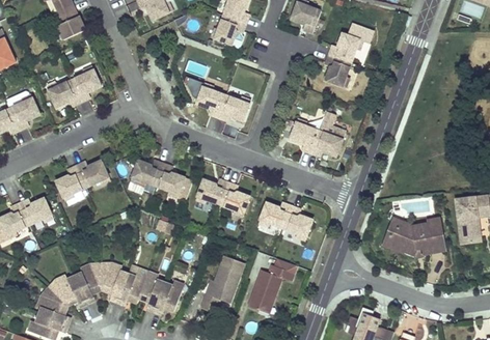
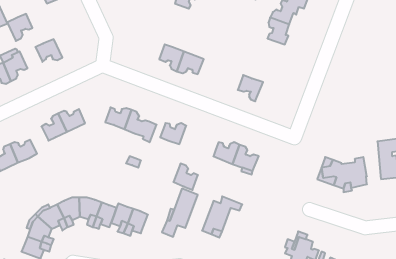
building: [71,68,101,101] -> [7,14,32,41]
building: [310,111,345,155] -> none
building: [220,181,249,213] -> [173,164,198,190]

